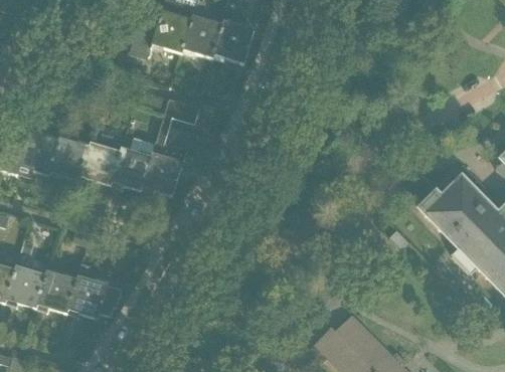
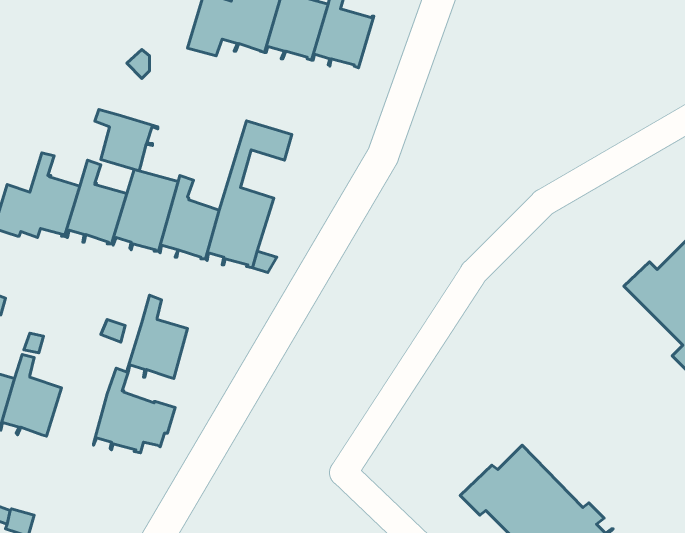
building: none -> [95,109,158,171]
building: [35,257,75,313] -> [127,295,187,379]

